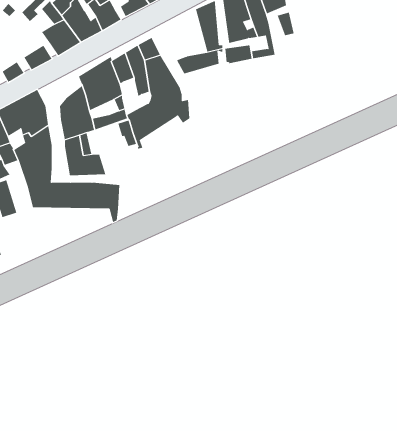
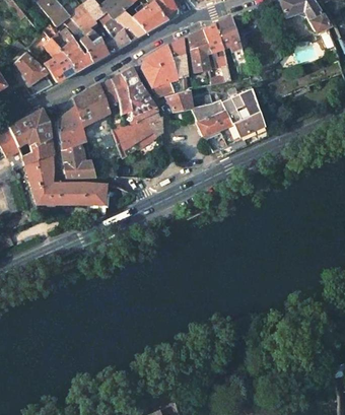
building: none -> [142,46,177,86]
building: none -> [16,54,47,84]
building: none -> [166,86,268,156]

